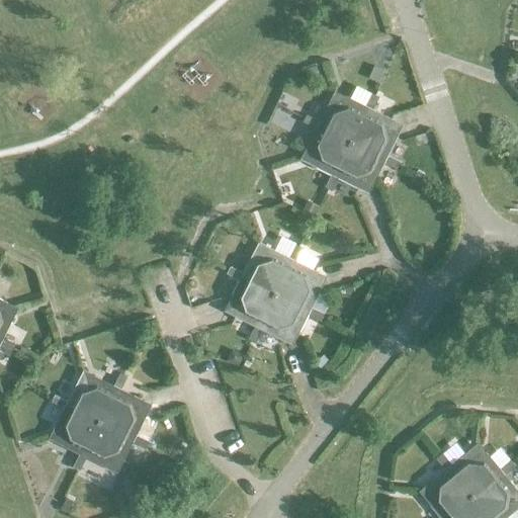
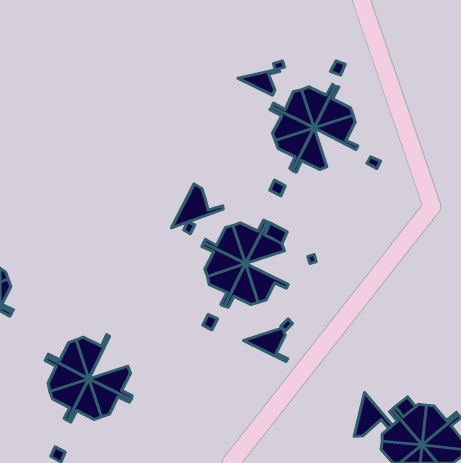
building: none -> [238,69,280,95]
building: [353,143,400,186] -> none
building: none -> [171,184,223,228]
building: [276,280,326,318] -> [244,328,288,361]
building: [101,375,145,423] -> none
building: none -> [354,392,392,436]

